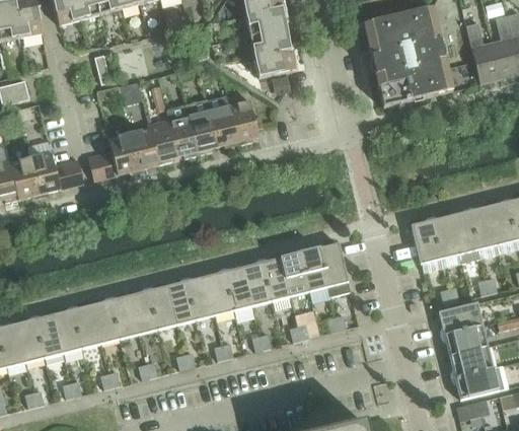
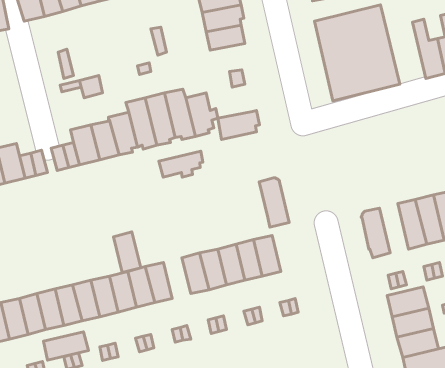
building: [253,46,297,76] -> [218,110,259,139]
building: none -> [159,151,203,177]
building: [431,214,461,266] -> none
building: [318,243,350,295] -> [259,178,289,227]
building: [205,271,233,313] -> [114,232,141,273]
building: none -> [43,332,88,360]

